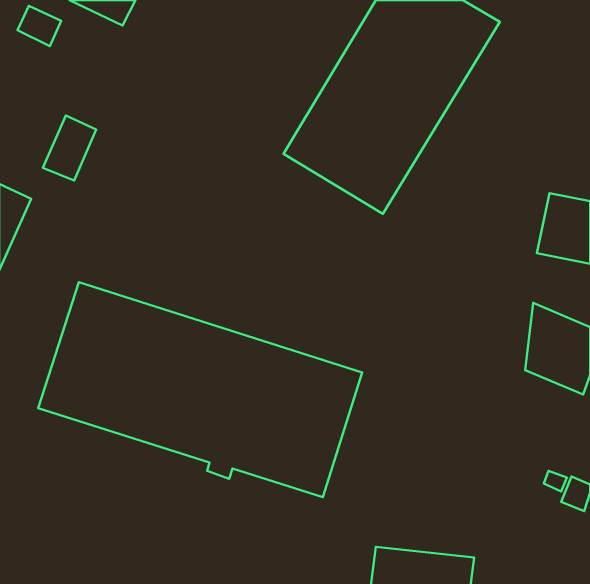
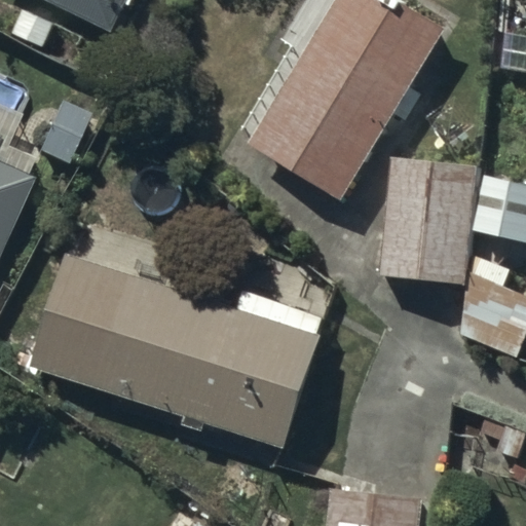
building: none -> [383,156,479,284]

